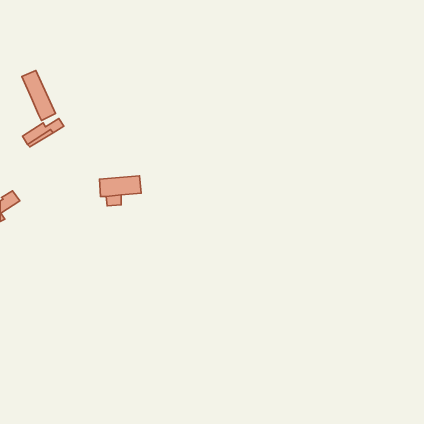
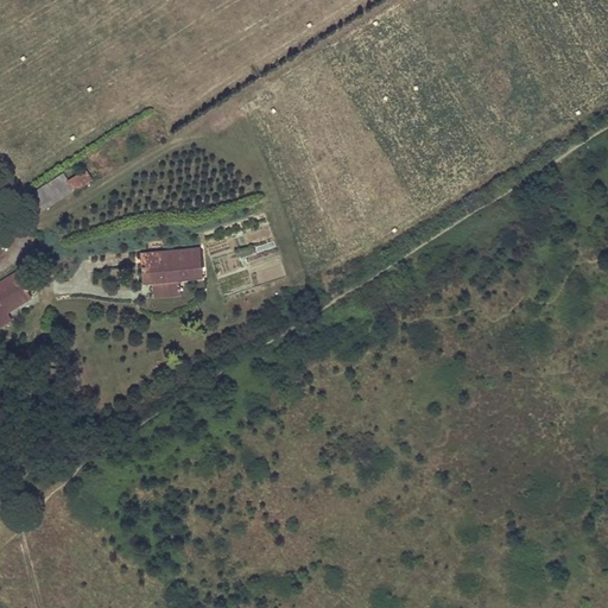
building: [22,70,55,120] -> none

